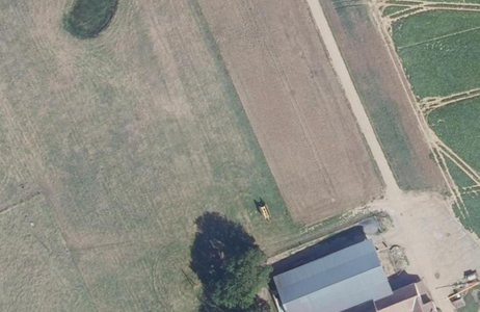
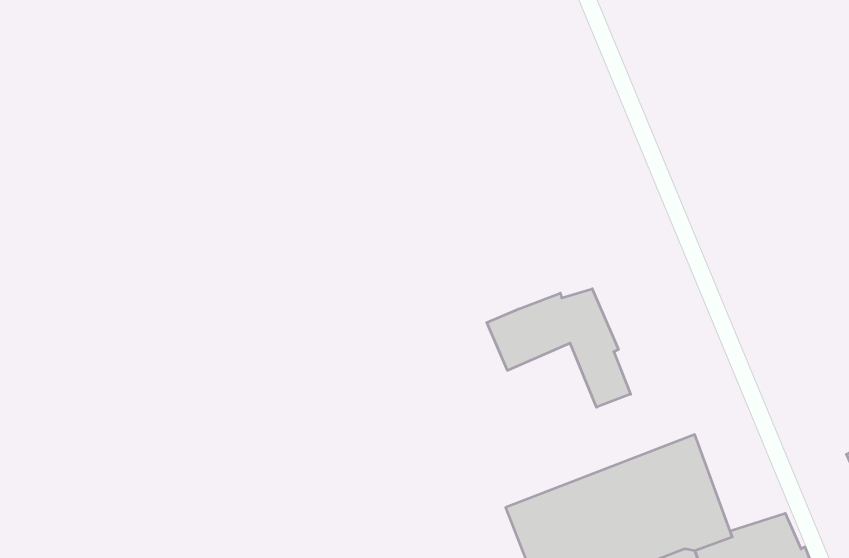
building: none -> [487,289,631,407]

